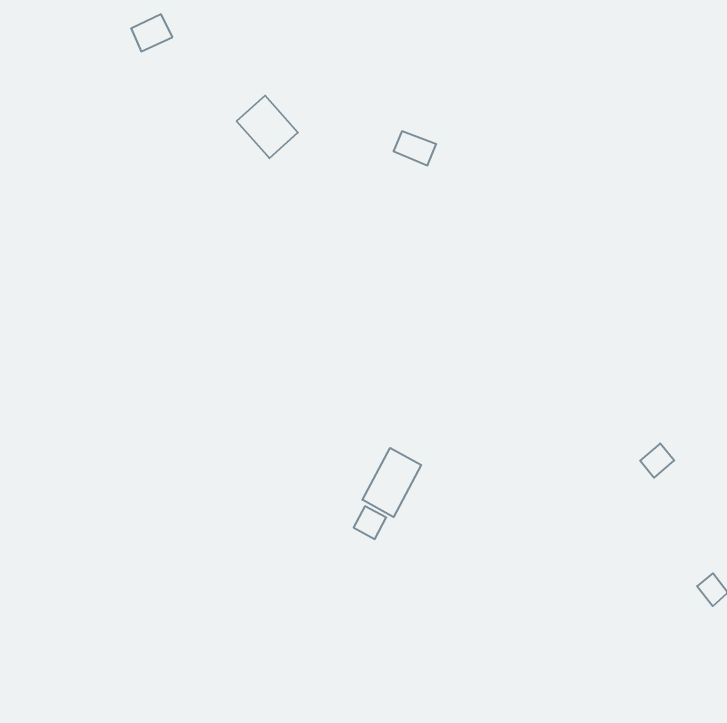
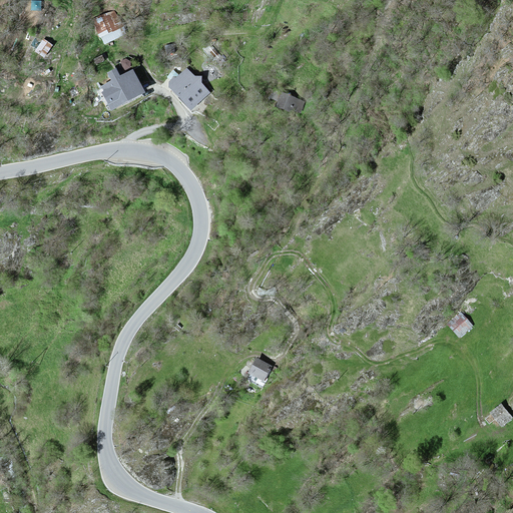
building: none -> [98,68,144,110]
building: [362,448,421,517] -> none

